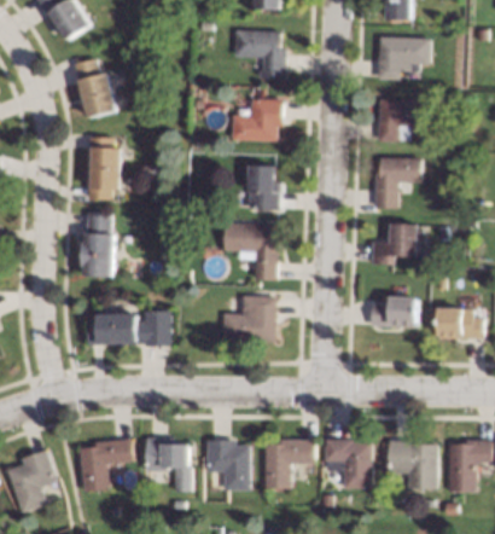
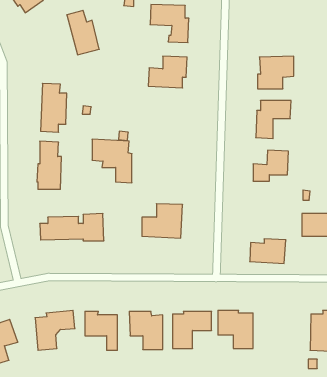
building: [378,35,432,80] -> none
building: [72,58,116,117] -> [67,10,99,55]
building: [247,164,279,208] -> none
building: [223,221,276,279] -> [92,139,132,183]
building: [369,296,418,329] -> [250,239,286,263]
building: [388,439,437,489] -> none

